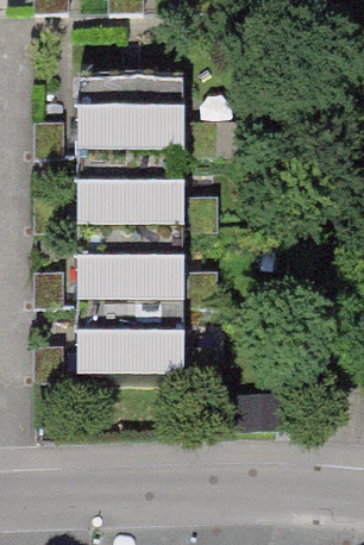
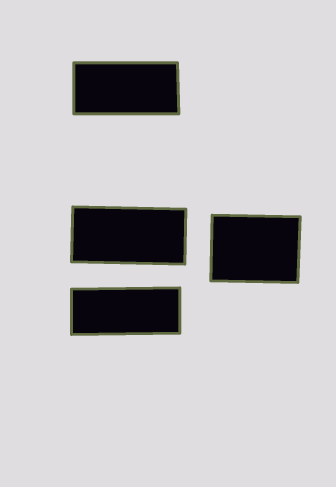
building: [75,175,186,226] -> none
building: none -> [211,215,300,283]

